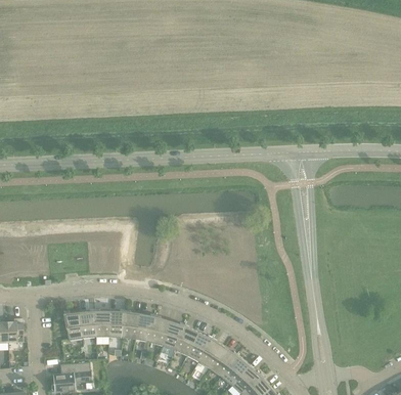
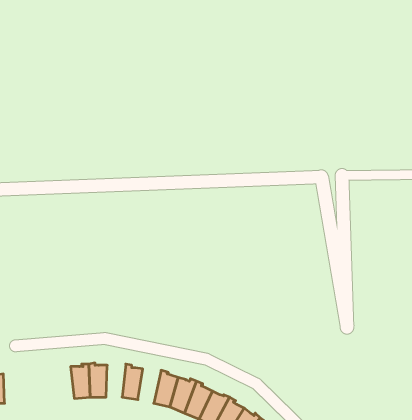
building: [108,310,125,338] -> none
building: [63,312,82,341] -> none
building: [135,314,154,343] -> none

